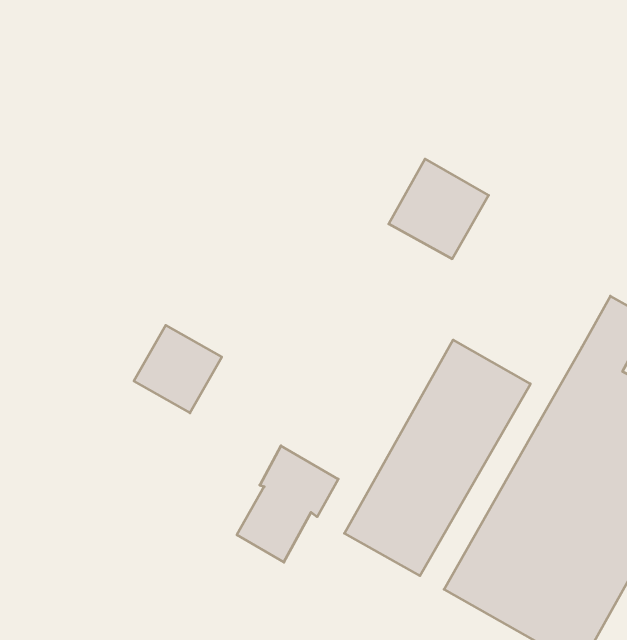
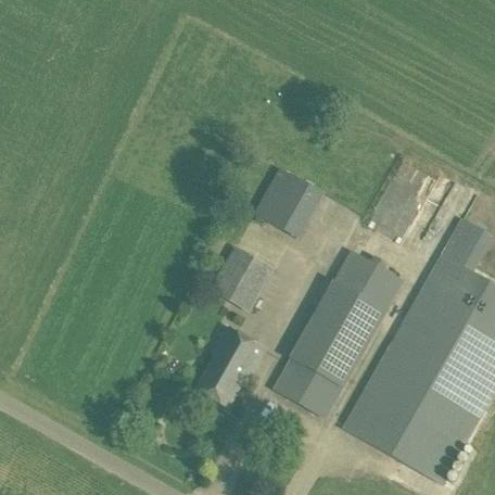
building: [389,159,489,259] -> [253,167,325,239]
building: [134,325,222,413] -> [212,246,275,309]

